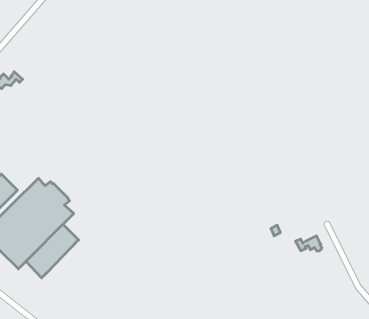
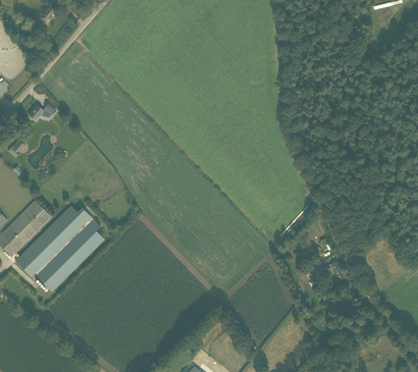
building: [26,224,79,278] -> none

